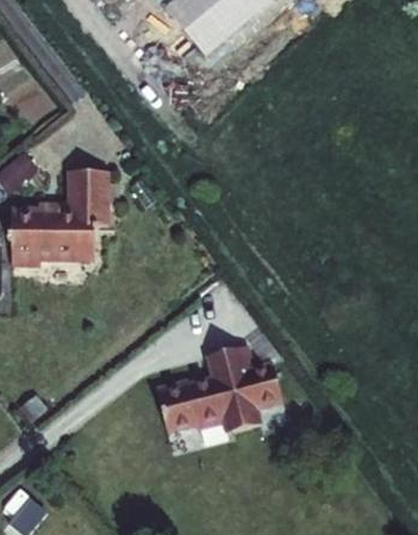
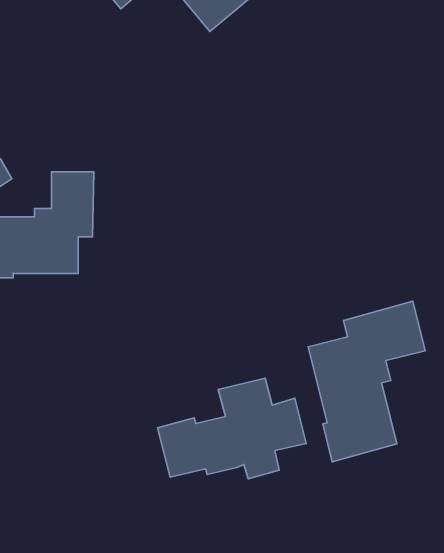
building: none -> [308,301,425,462]

